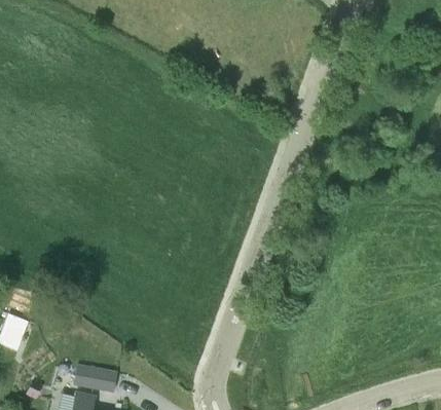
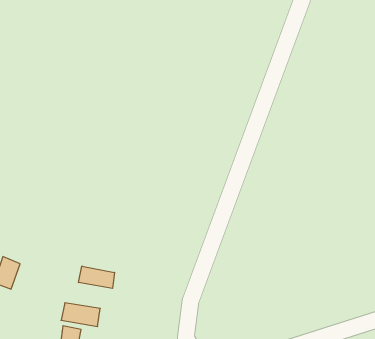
building: none -> [79,266,115,288]

